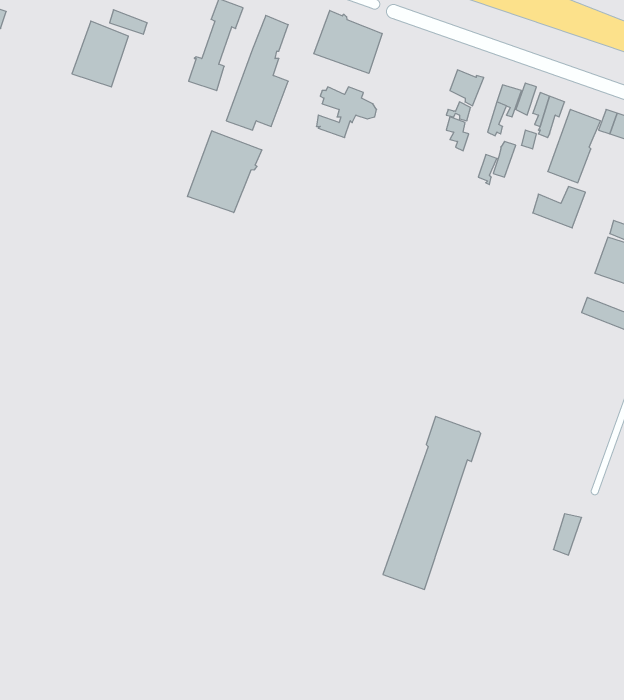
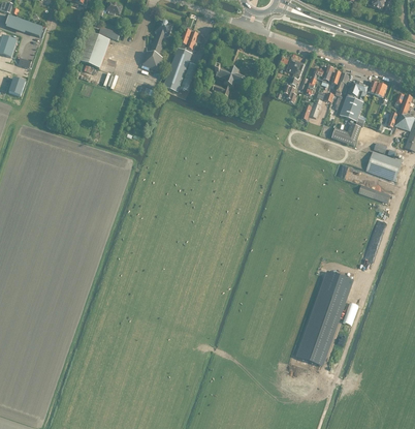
building: [314,10,382,73] -> none
building: [188,131,262,213] -> none
building: [383,416,481,589] -> [297,270,351,365]

